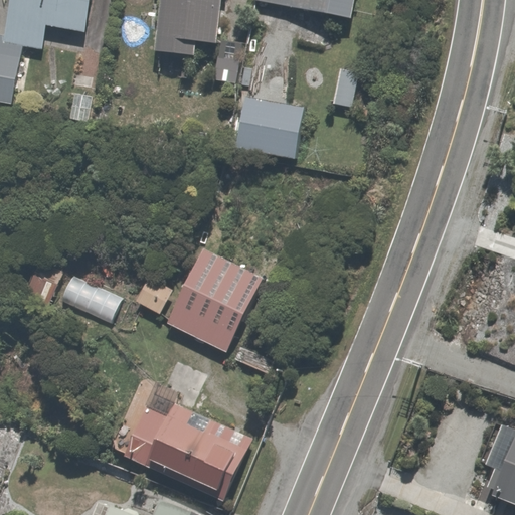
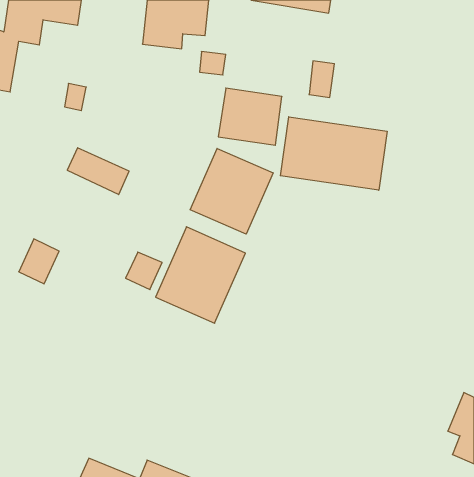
building: none -> [280,117,387,190]
building: none -> [190,148,273,234]
building: [56,273,123,323] -> [67,148,129,195]
building: [121,381,253,500] -> none

